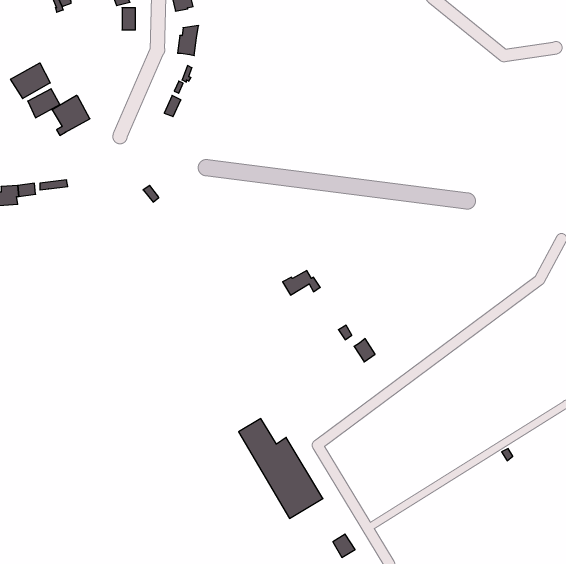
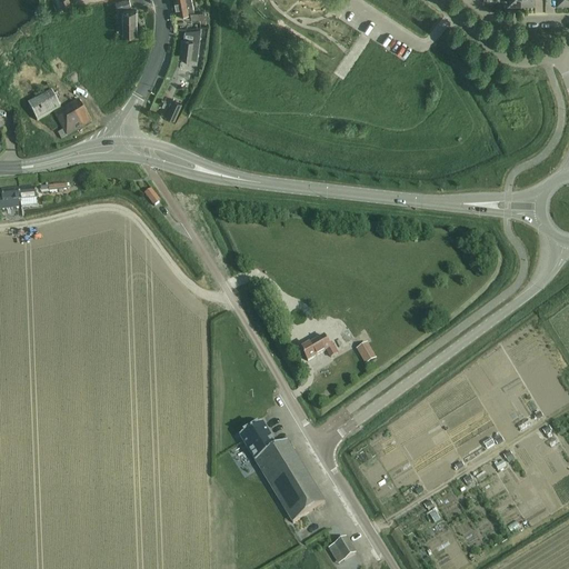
building: [11,63,50,99] -> none
building: [283,271,320,295] -> [299,333,337,358]

